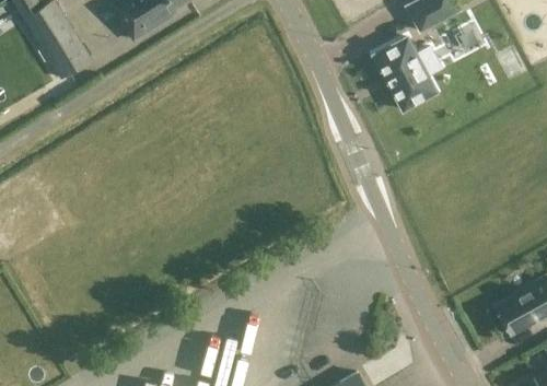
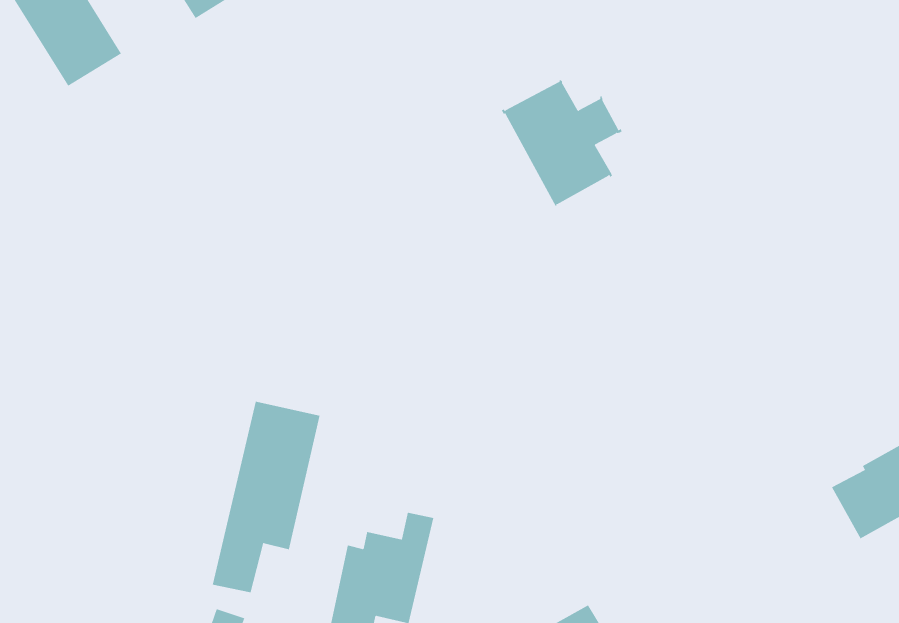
building: [373,38,442,110] -> [501,79,623,207]
building: none -> [212,401,320,593]

